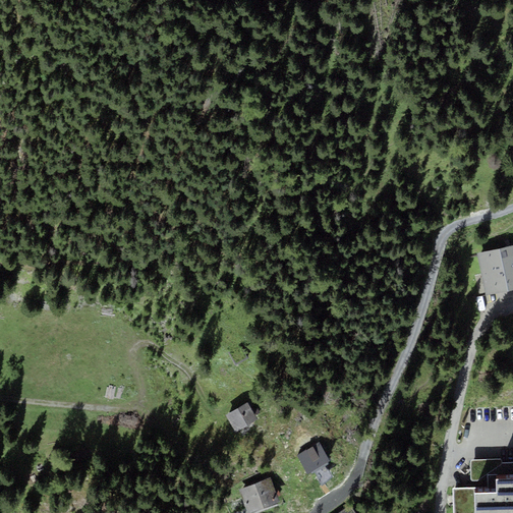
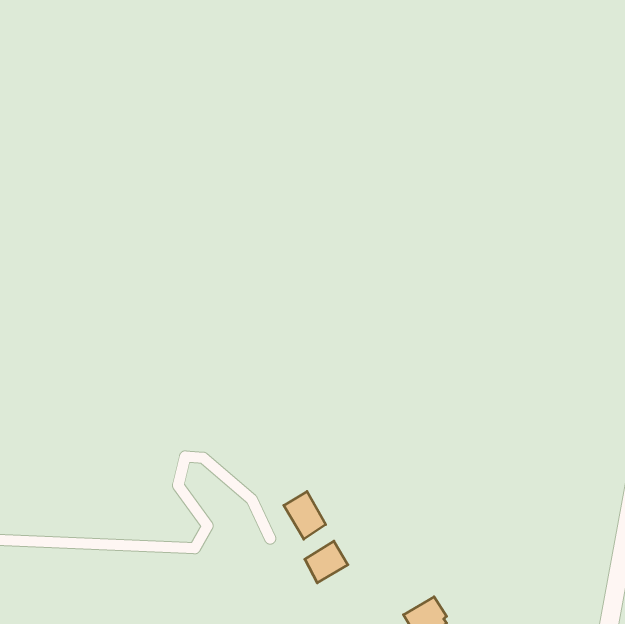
building: none -> [284,491,326,539]

